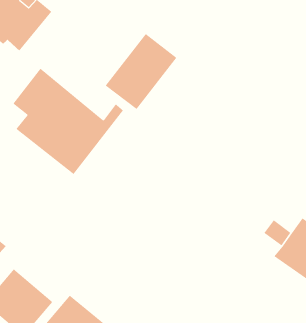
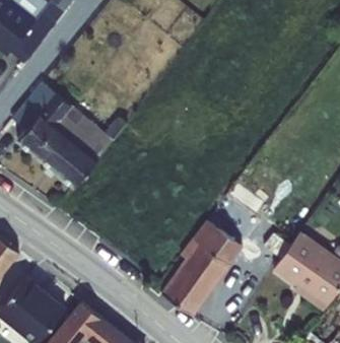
building: [105,33,177,110] -> none
building: none -> [164,200,249,314]

